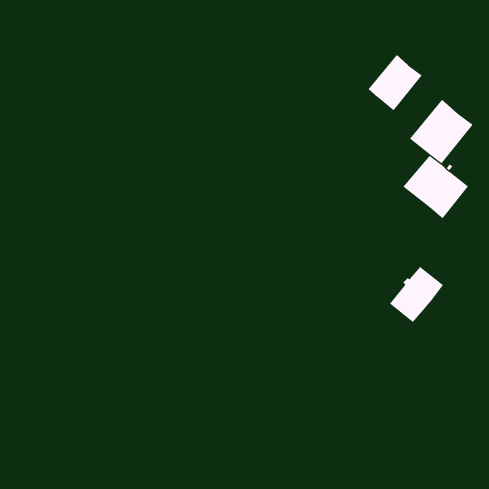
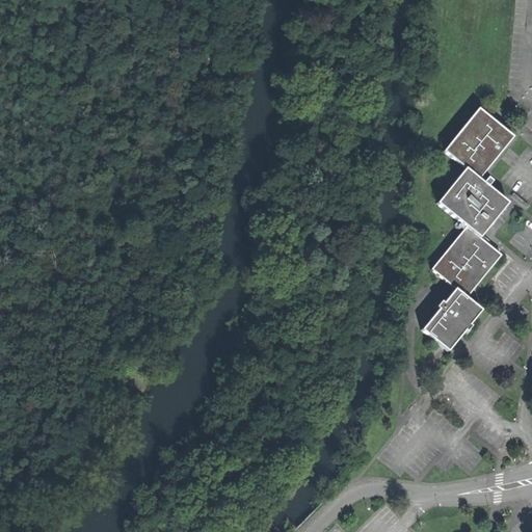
building: [368,54,422,111] -> none
building: none -> [432,225,502,296]

